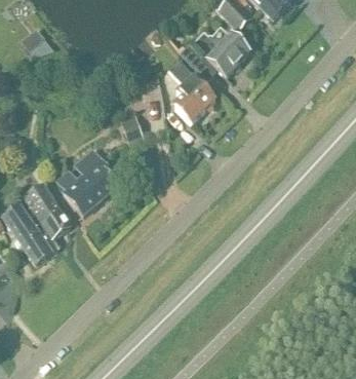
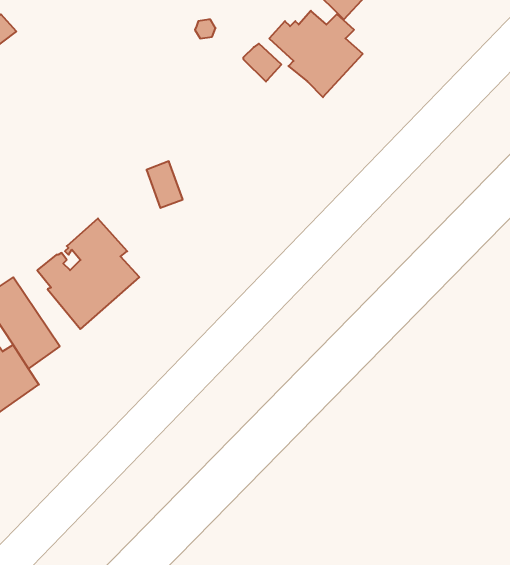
building: [167,59,214,122] -> none

